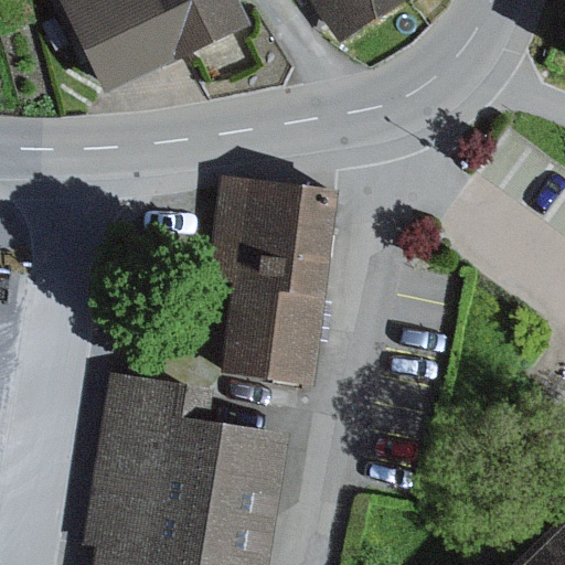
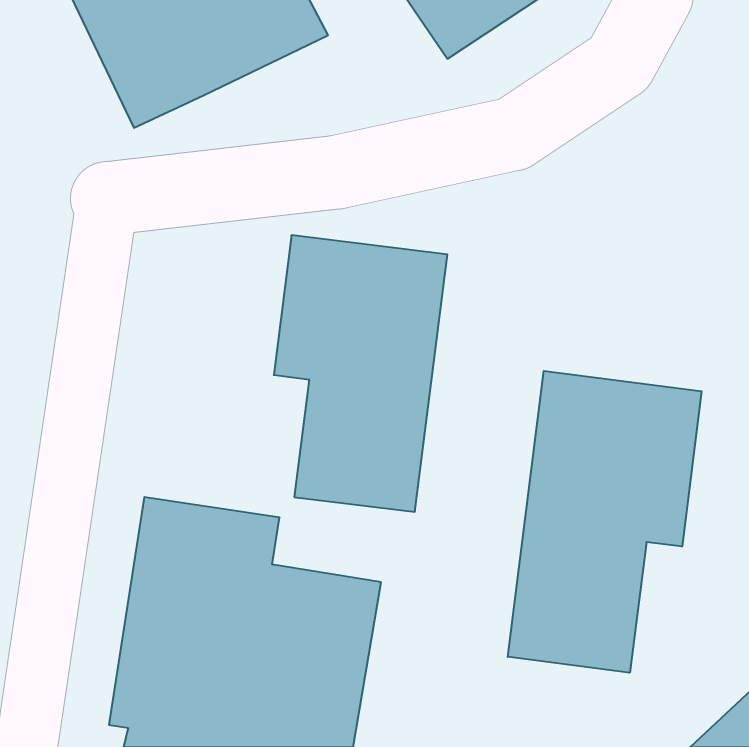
building: none -> [508,371,702,673]

